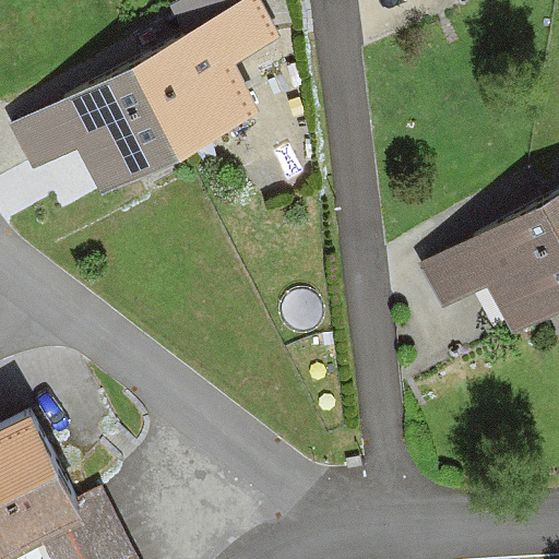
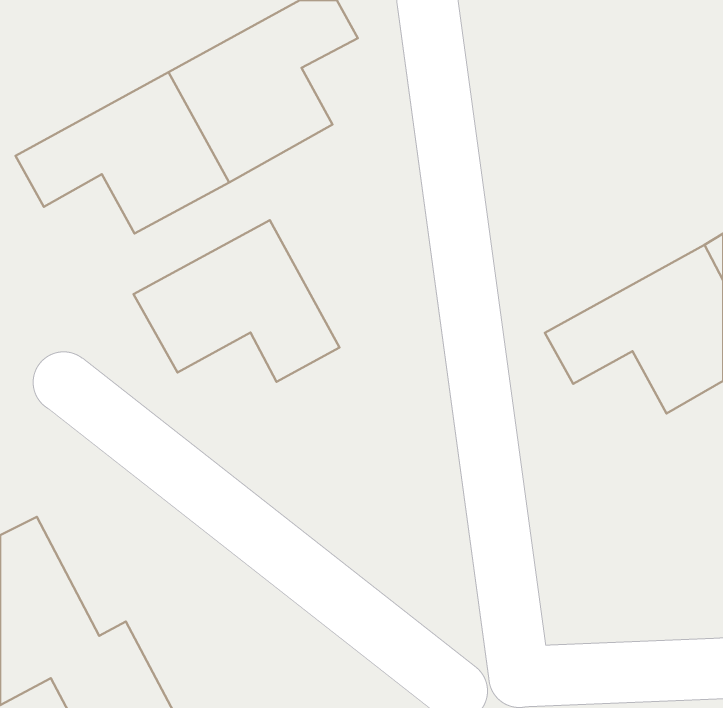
building: none -> [134,220,339,382]

